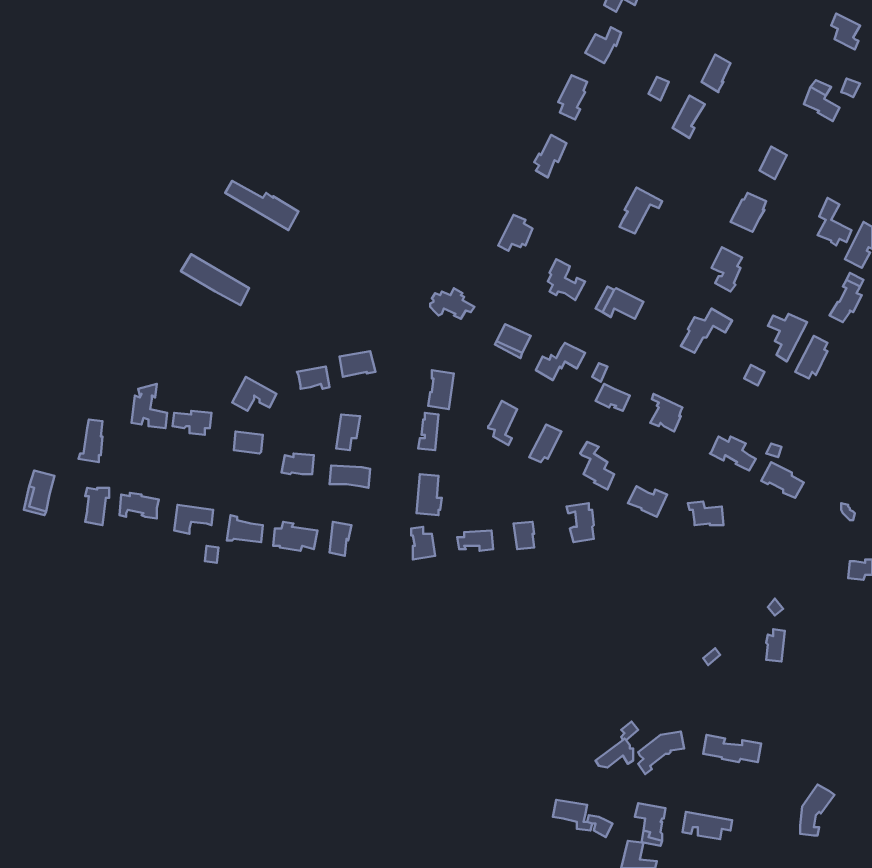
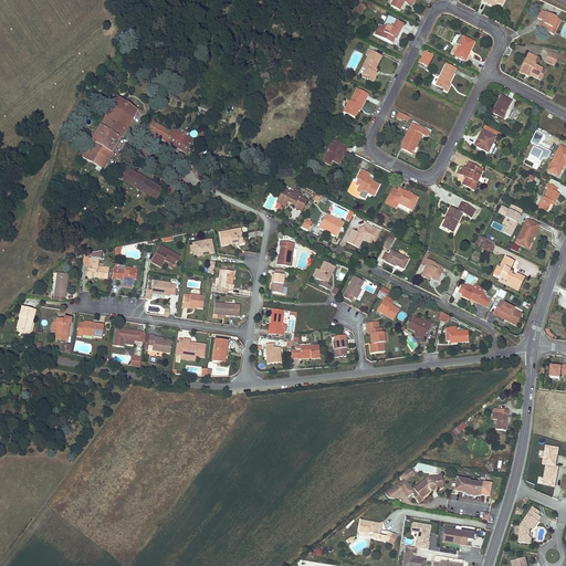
building: none -> [82,96,137,167]
building: none -> [494,254,523,289]
building: none -> [542,443,558,484]

